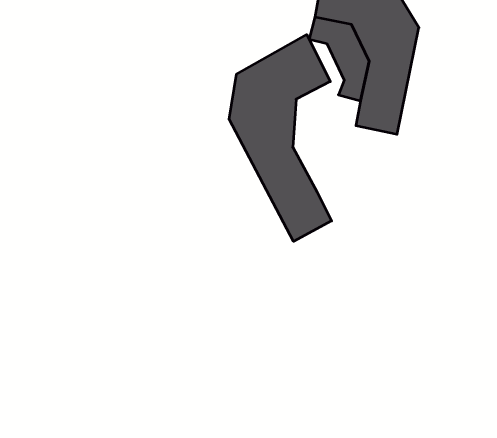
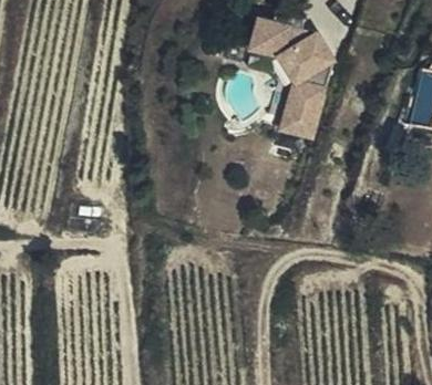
building: [229,35,332,241] -> none

